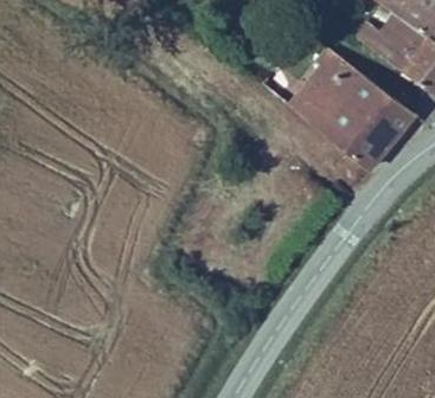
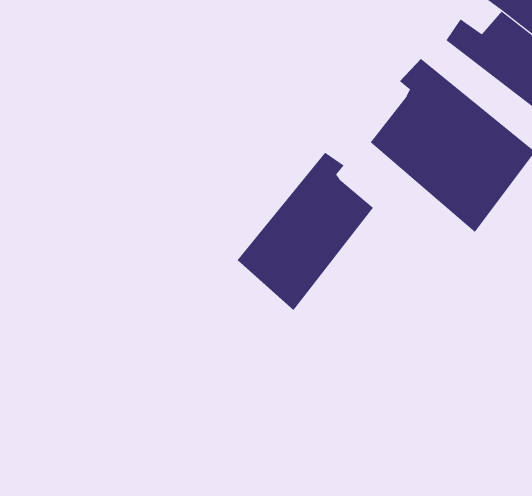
building: none -> [237,152,374,311]

